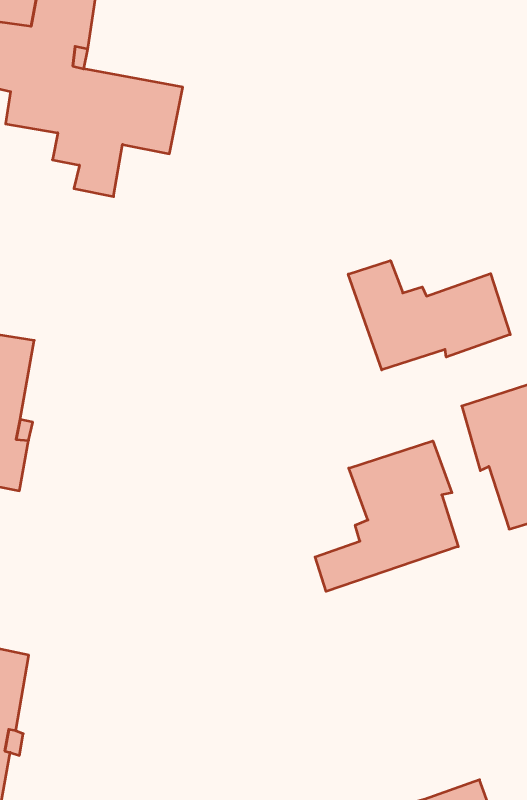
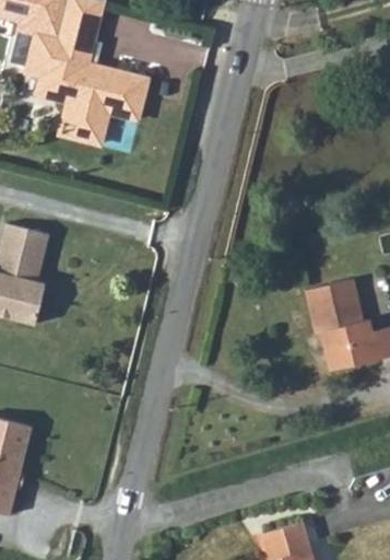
building: [348,261,510,370] -> none
building: [315,441,458,591] -> none

